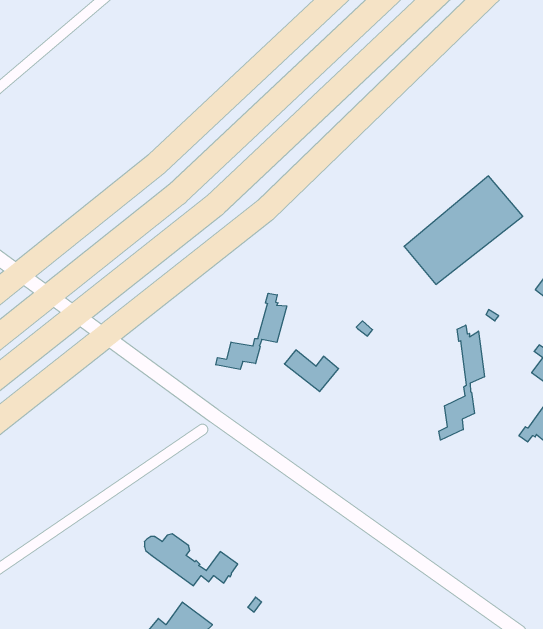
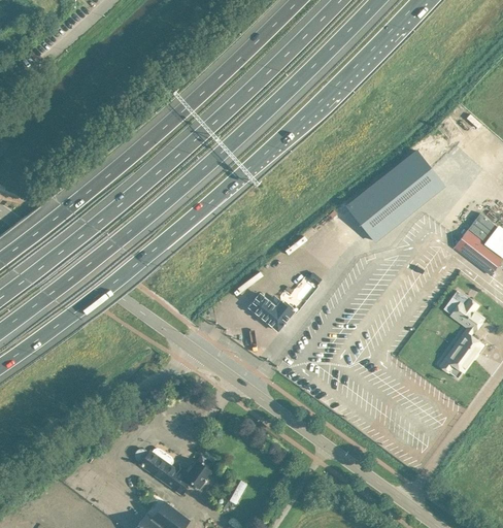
building: [216,293,287,369] -> none
building: [439,325,484,440] -> none

